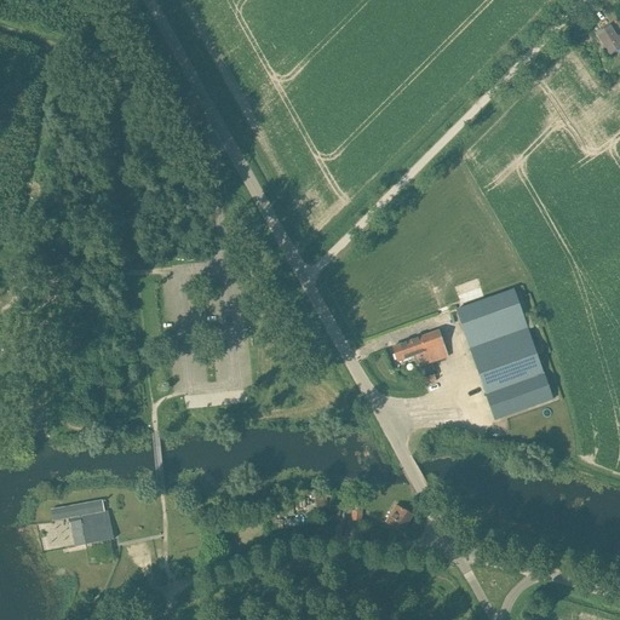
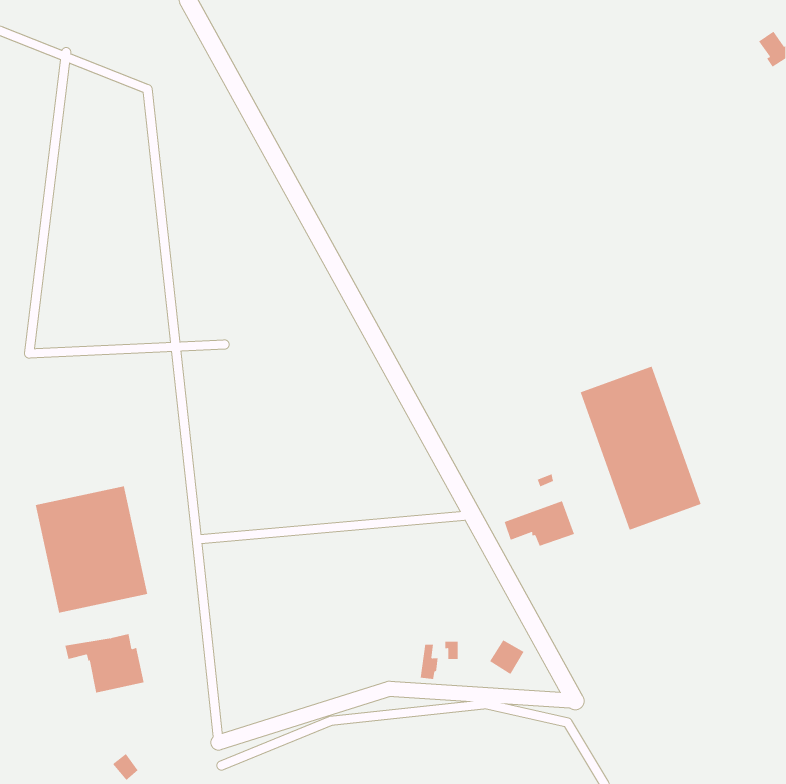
building: [392,329,448,366] -> [504,500,575,546]
building: none -> [35,486,148,614]

